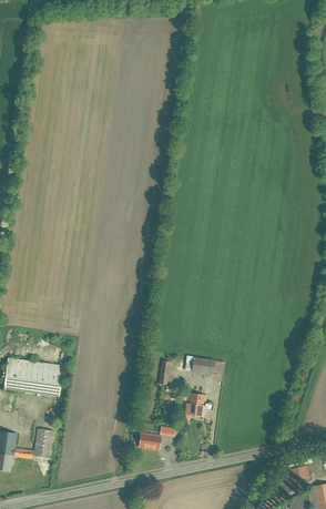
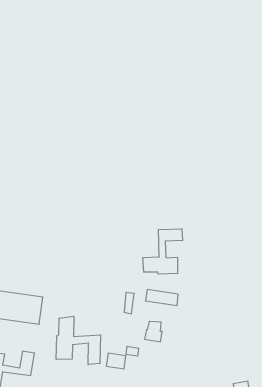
building: none -> [143,229,183,274]
building: none -> [56,316,100,365]

